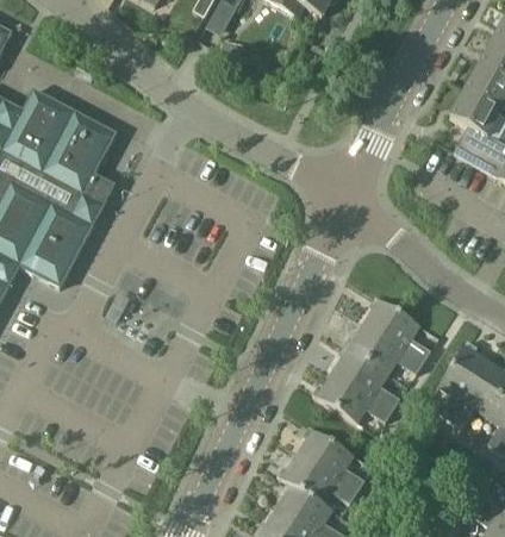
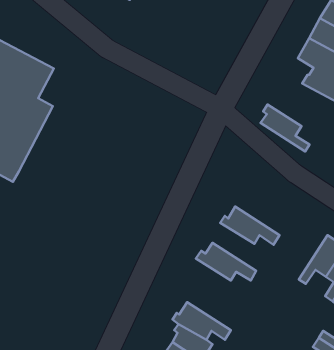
building: [363,295,430,360] -> [261,104,309,152]
building: [437,339,490,420] -> none
building: [332,343,399,408] -> none
building: [298,425,364,489] -> none

